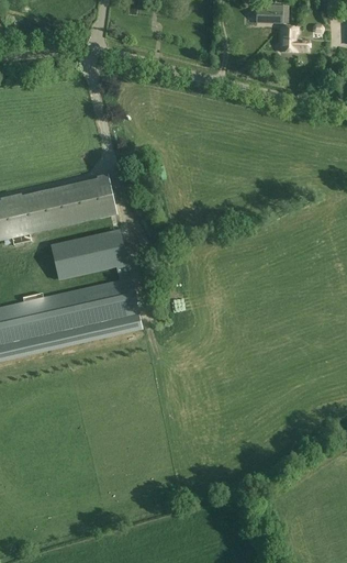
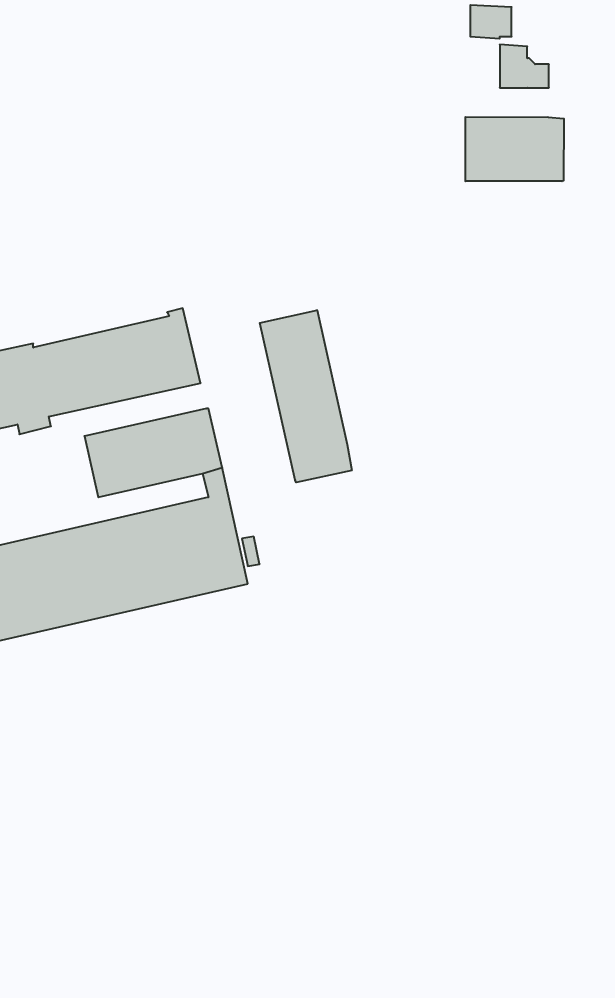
building: none -> [465,117,564,181]
building: none -> [260,310,352,482]

